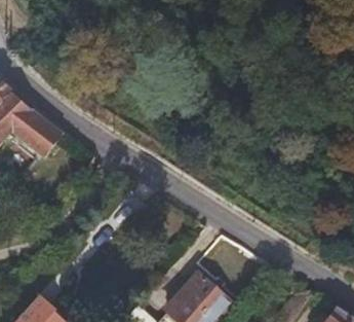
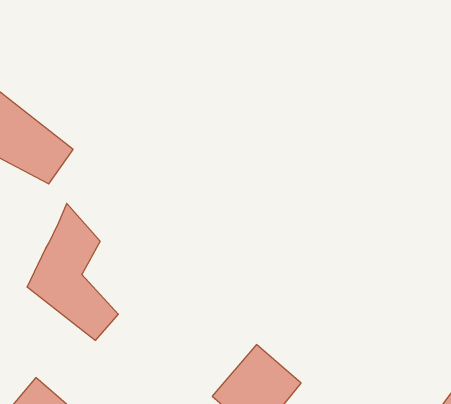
building: none -> [27,203,118,340]

